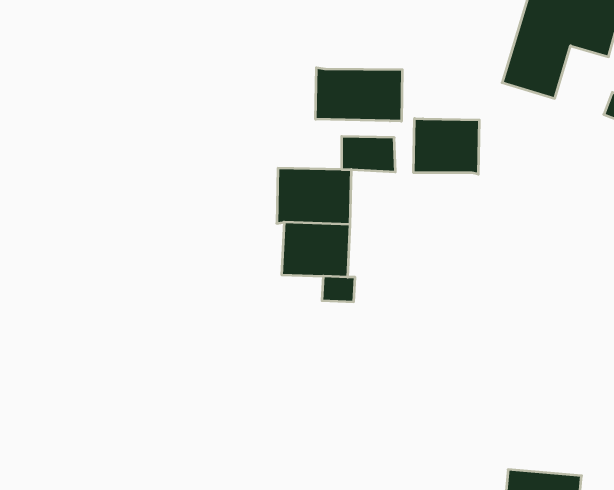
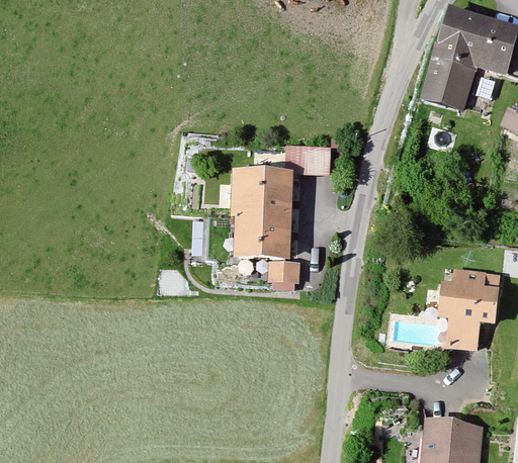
building: [316,68,402,121] -> none
building: [414,118,479,174] -> none
building: none -> [438,268,501,350]

